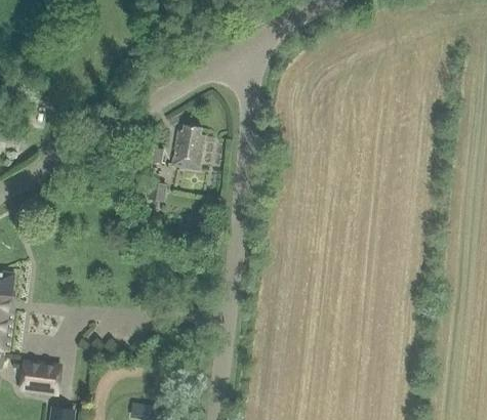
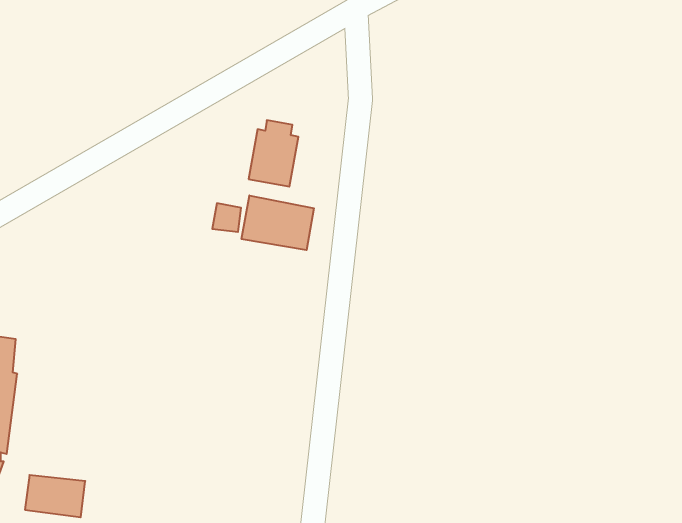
building: none -> [242,195,314,250]

